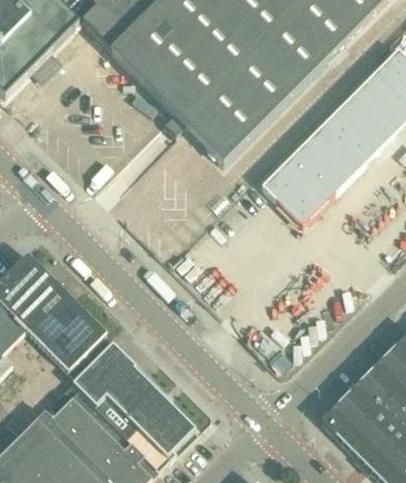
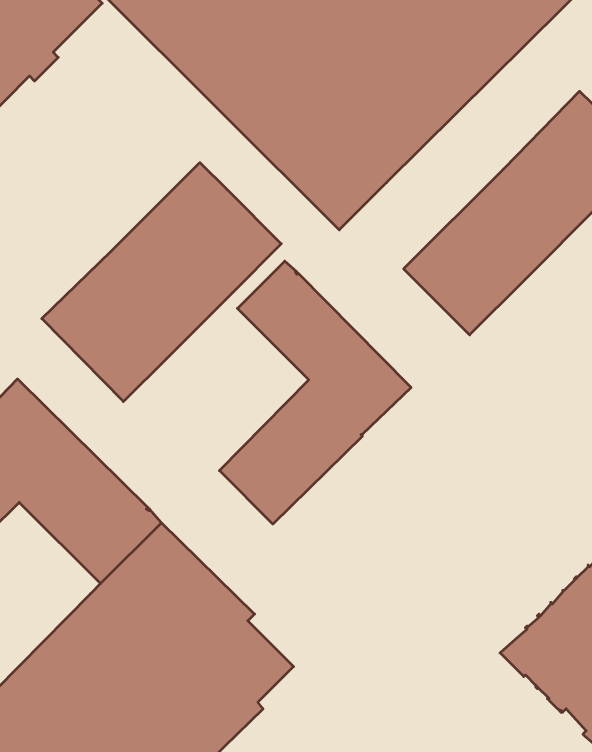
building: none -> [42,163,281,402]
building: none -> [219,261,411,524]

